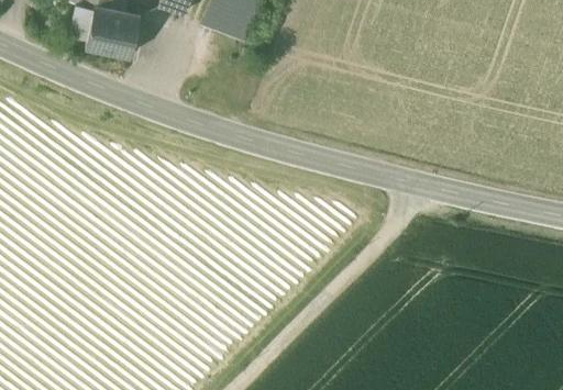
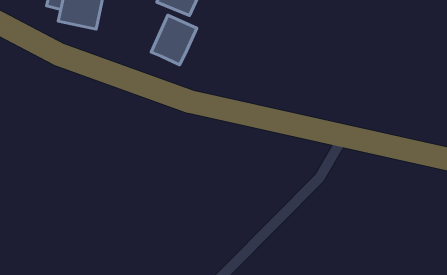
building: none -> [151,15,197,65]

